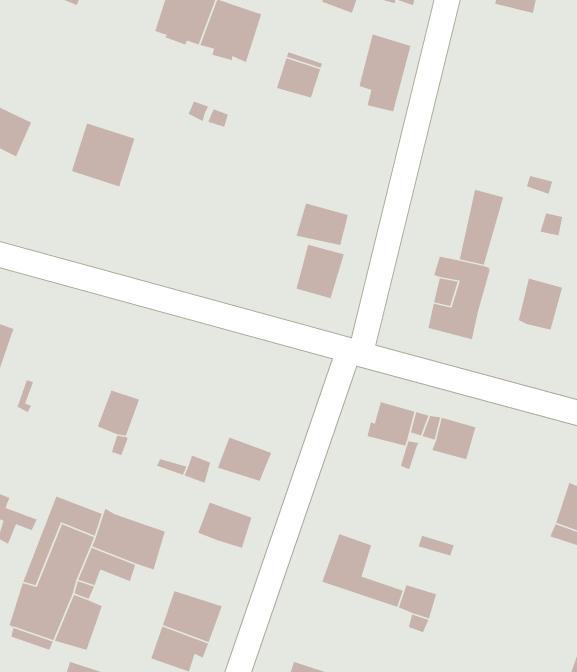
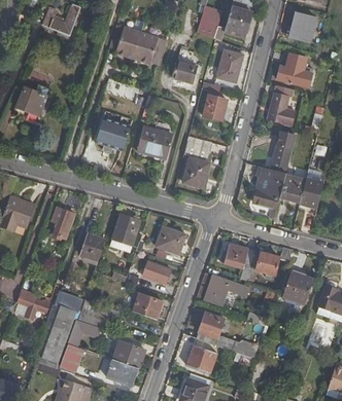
building: none -> [276,54,311,85]
building: none -> [266,84,295,125]
building: none -> [203,85,227,122]
building: [71,122,136,187] -> [96,117,130,151]
building: none -> [138,126,170,156]
building: none -> [279,175,305,200]
building: none -> [52,207,74,239]
building: none -> [107,216,137,250]
building: none -> [156,227,184,254]
building: none -> [281,270,313,305]
building: none -> [203,274,247,304]
building: none -> [186,344,216,371]

